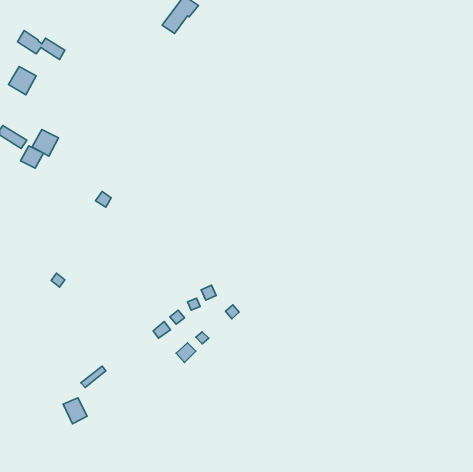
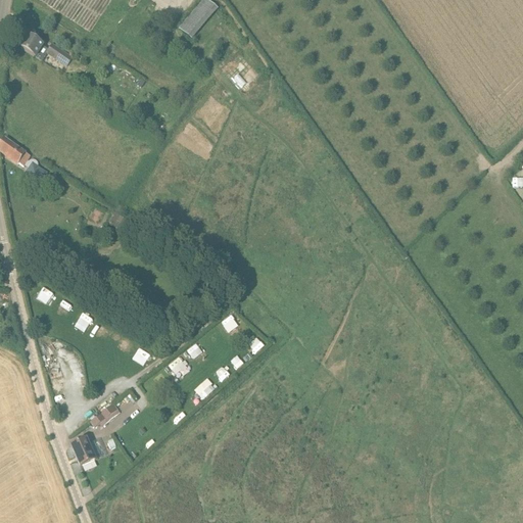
building: [8,67,36,95] -> none
building: [32,130,58,156] -> none

